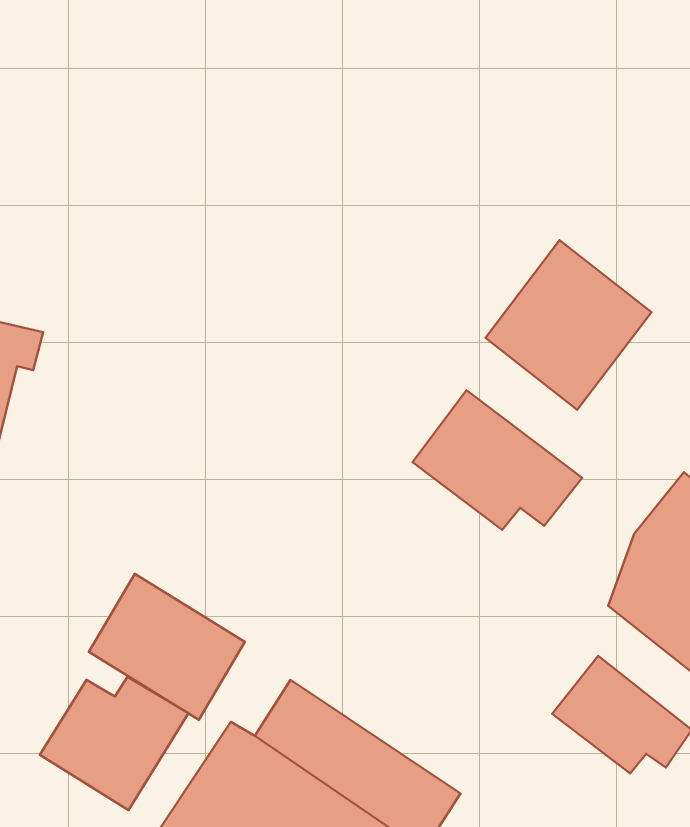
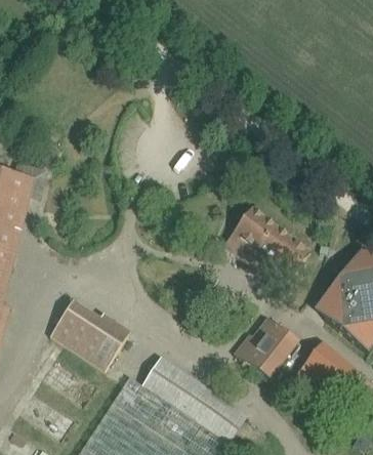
building: [485,240,651,410] -> none
building: none -> [231,320,306,383]
building: [40,677,188,810] -> none

